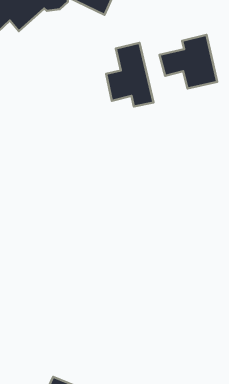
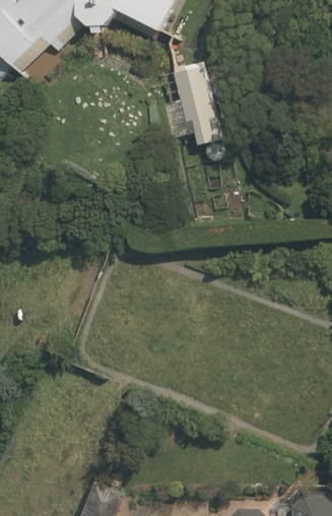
building: [160,35,217,89] -> none

